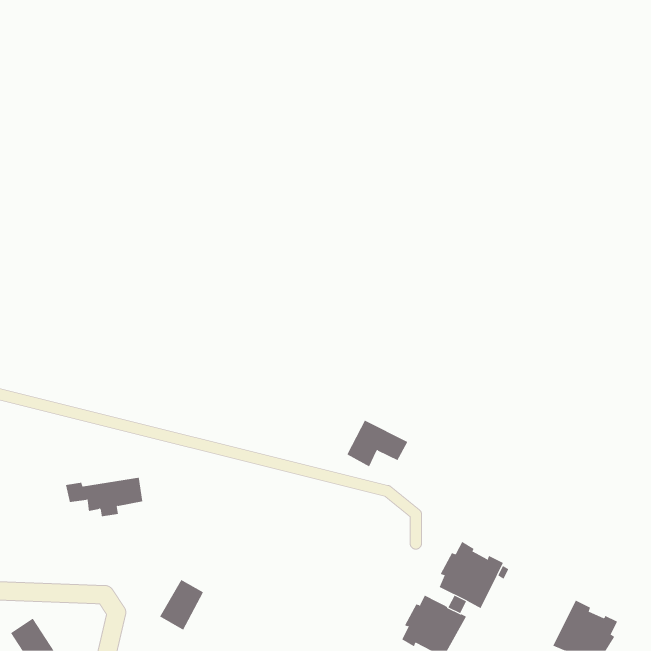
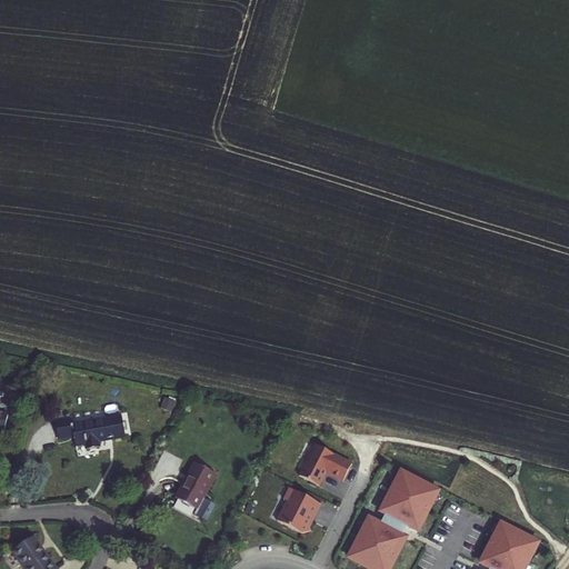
building: [347,420,408,467] -> [299,443,352,485]
building: none -> [279,488,320,533]
building: [159,579,204,630] -> [174,462,213,507]

